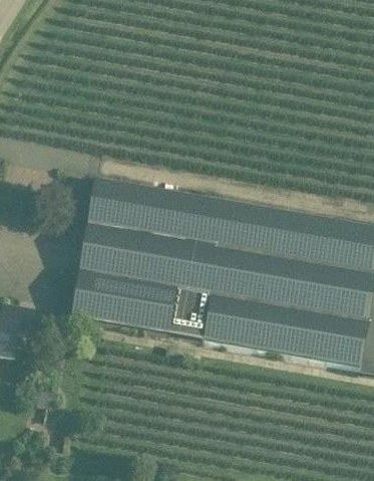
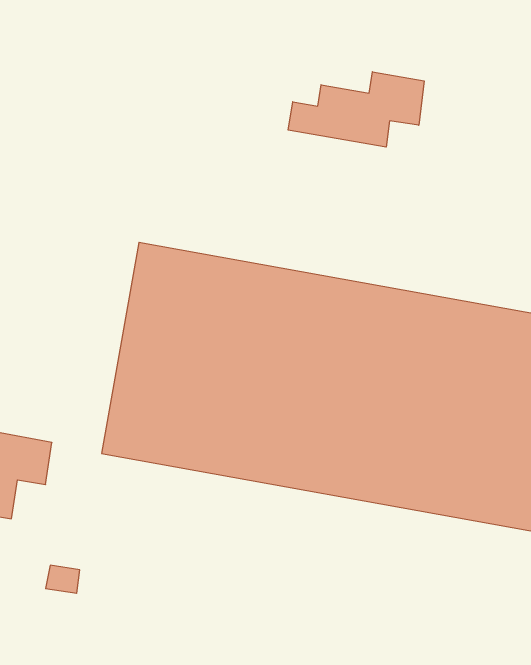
building: none -> [288,72,424,147]

